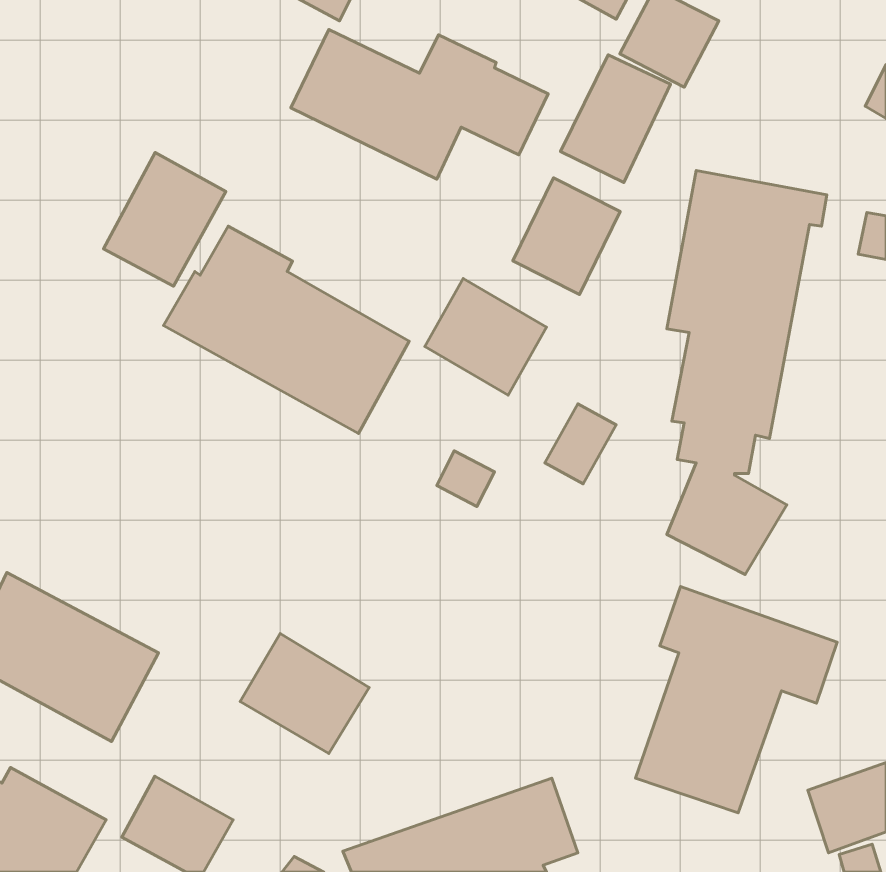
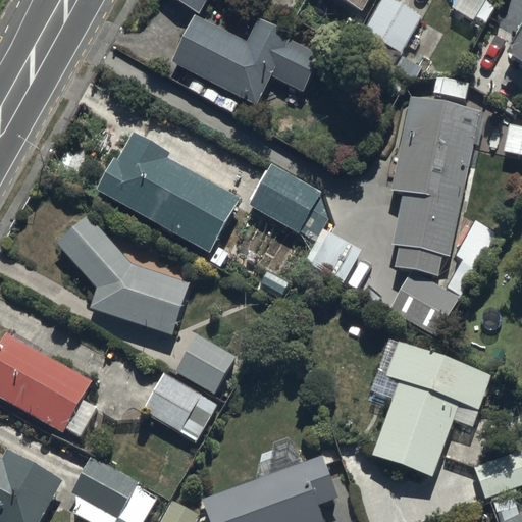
building: [561,55,670,182] -> none
building: [104,152,226,286] -> none
building: [513,178,620,295] -> none
building: none -> [57,215,190,333]
building: none -> [175,332,234,392]

